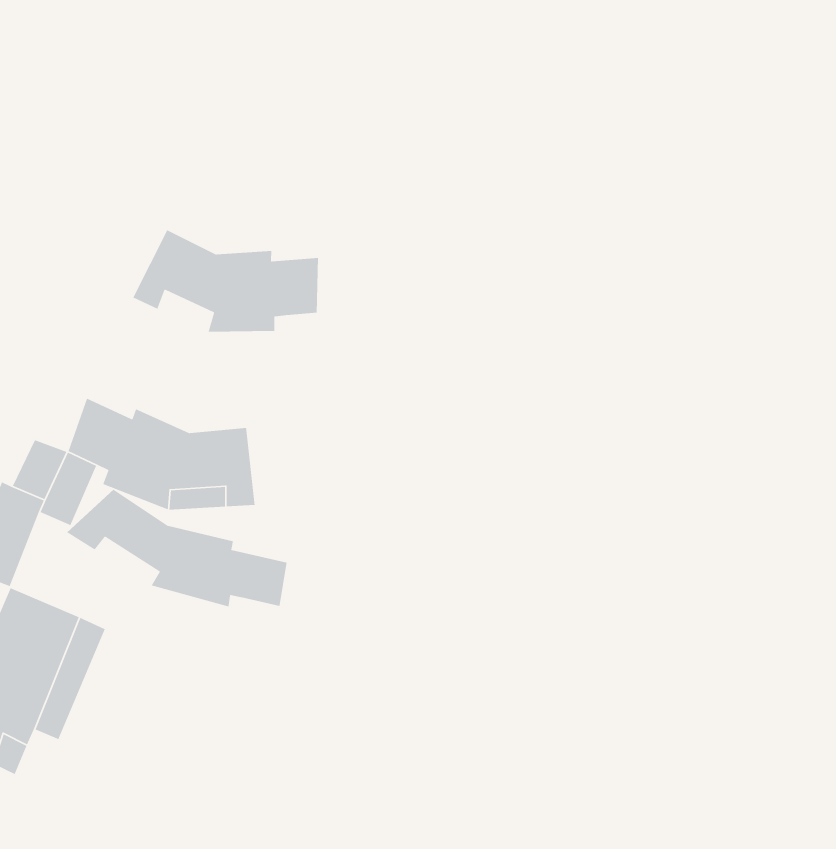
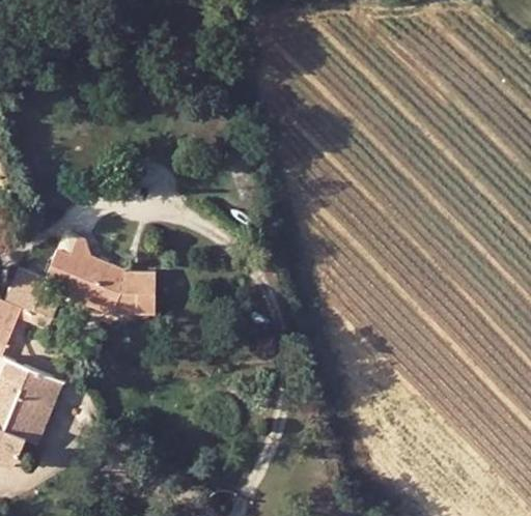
building: [132,229,319,333] -> none
building: [66,489,287,607] -> none

